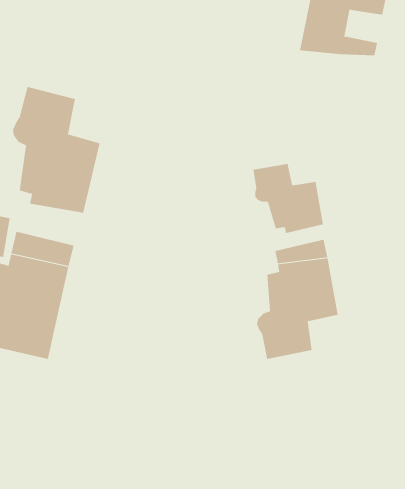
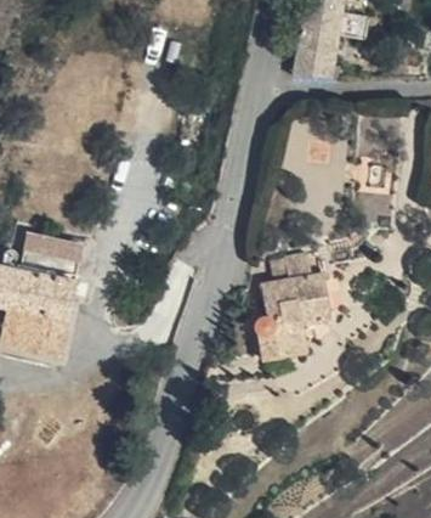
building: [13,86,100,213] -> none
building: [253,163,324,234] -> none

